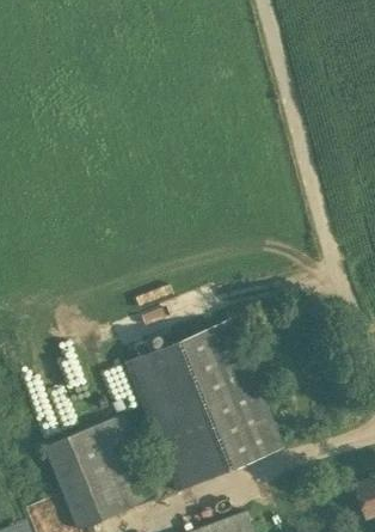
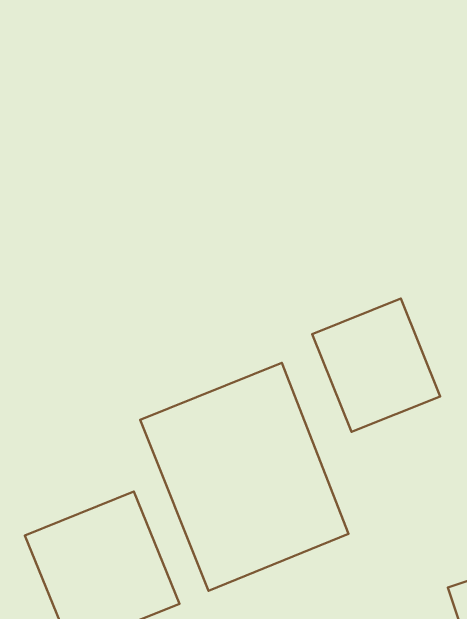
building: none -> [312,299,440,432]

